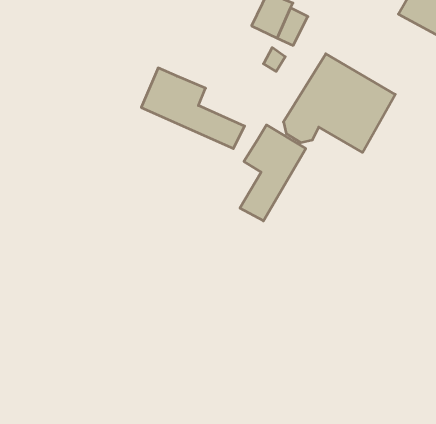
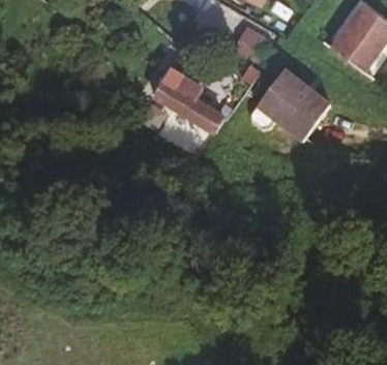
building: [240,125,306,221] -> none

